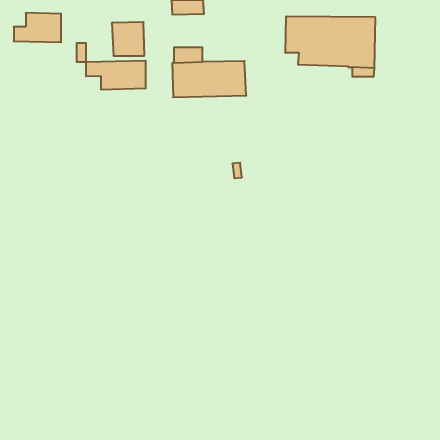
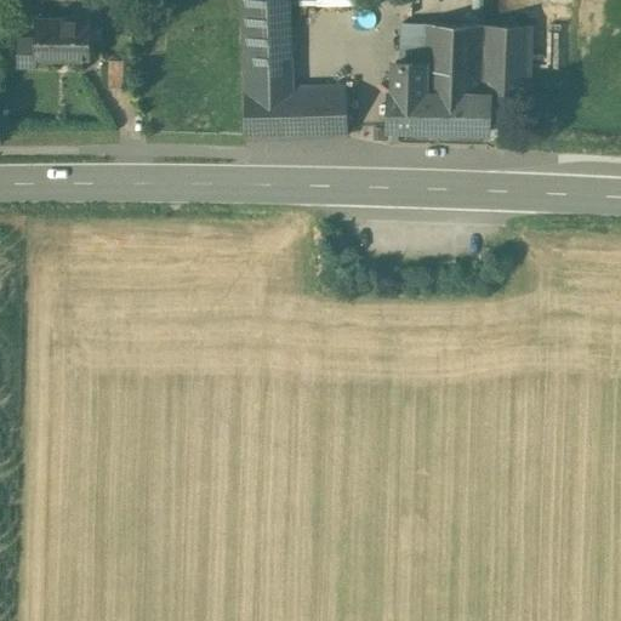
building: [112,22,144,56] -> [243,19,289,67]
building: [86,61,146,90] -> none
building: none -> [388,91,490,131]

